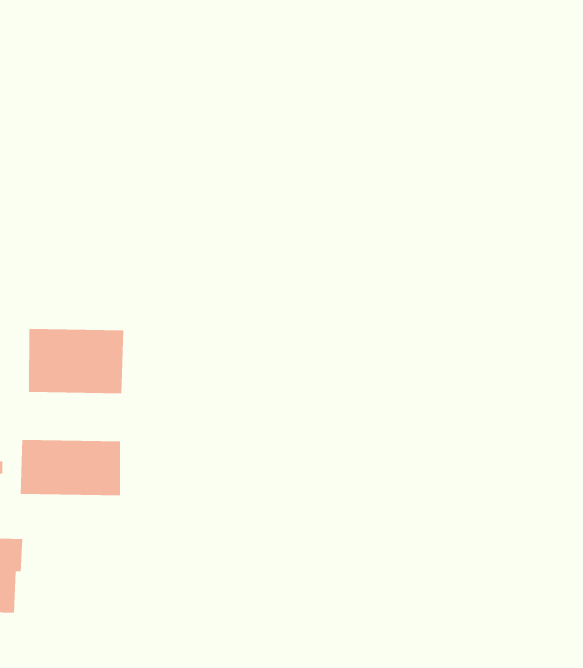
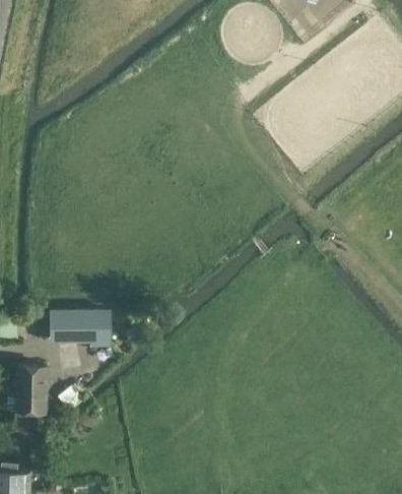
building: [29,328,124,394] -> none

